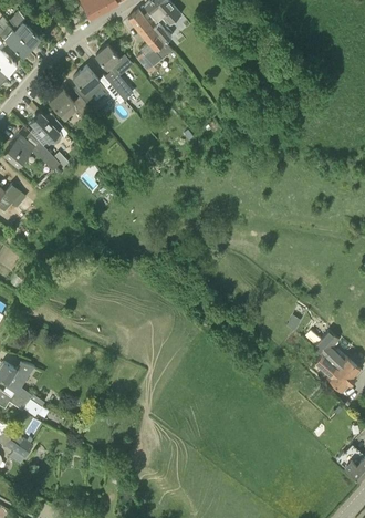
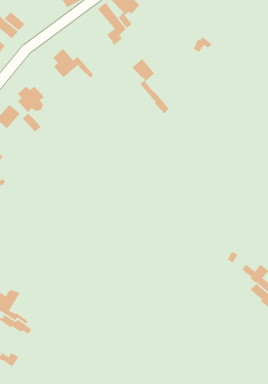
building: [95,45,142,114] -> [131,58,169,114]
building: [49,90,92,118] -> none

